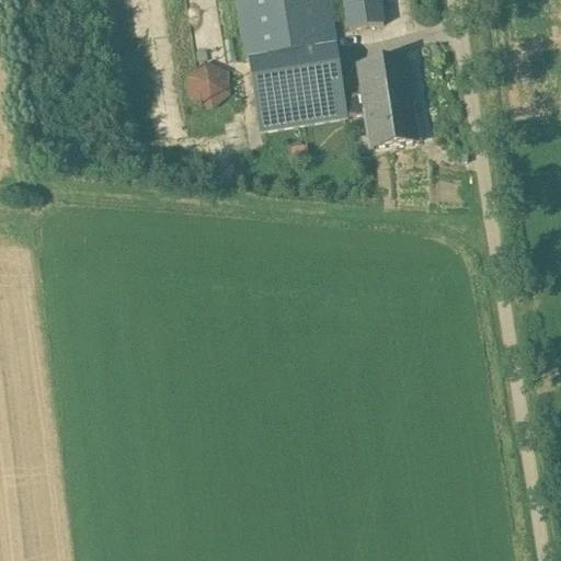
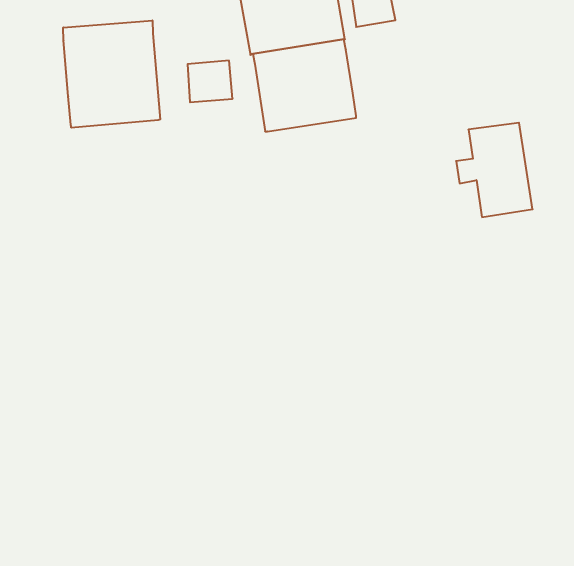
building: none -> [63,20,160,128]
building: [344,54,419,146] -> [456,123,533,217]

